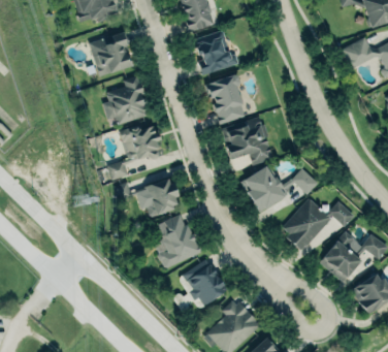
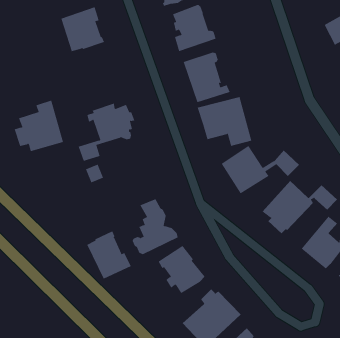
building: [101,75,149,125] -> [14,100,64,152]
building: [134,179,179,217] -> none
building: none -> [86,231,132,280]

